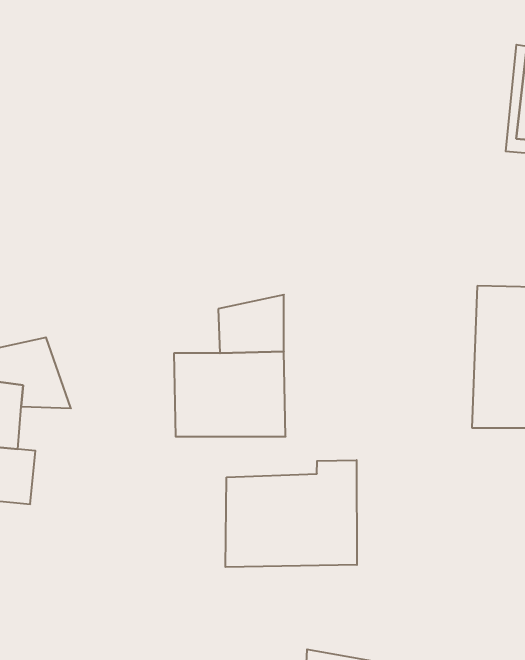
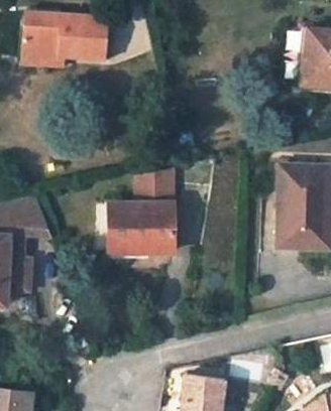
building: none -> [22,11,109,61]
building: [225,460,357,567] -> none

